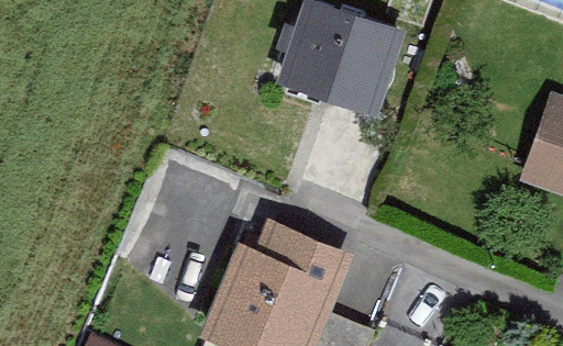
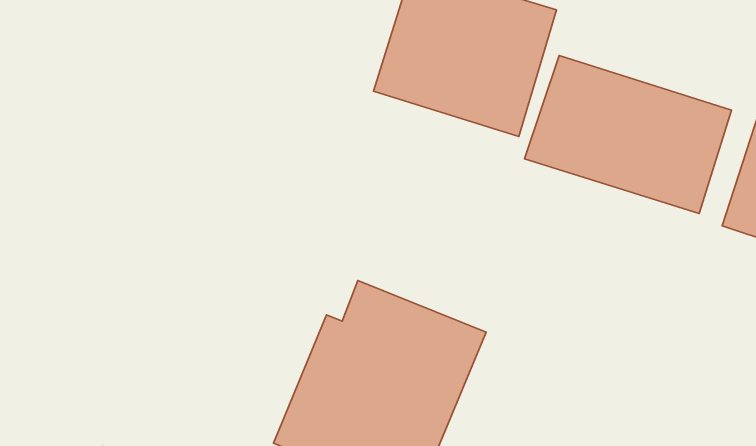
building: none -> [525,56,731,213]

